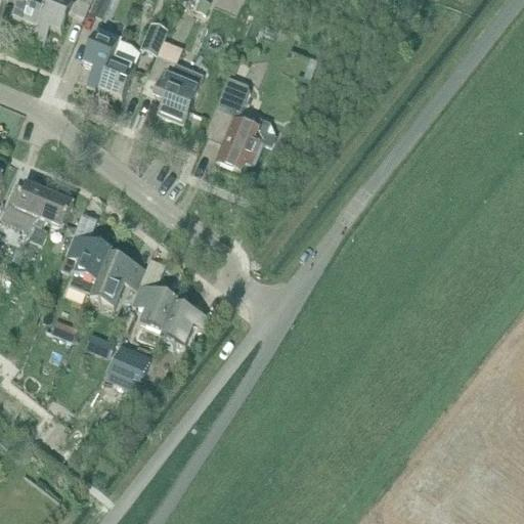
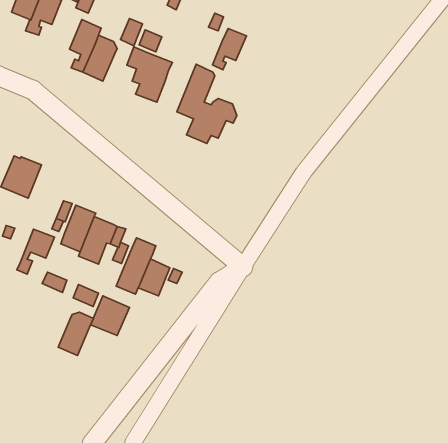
building: none -> [213,28,247,70]
building: [29,191,73,244] -> [17,229,55,274]
building: none -> [58,312,93,355]

